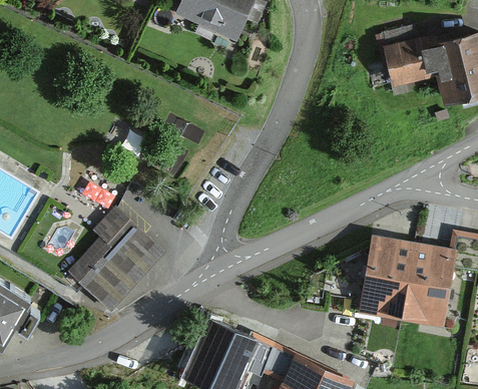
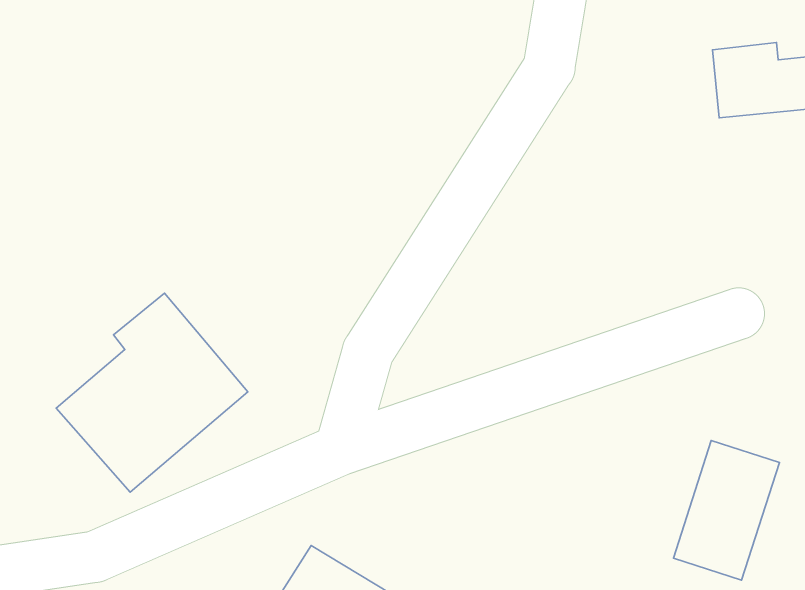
building: [364,241,412,311] -> none

